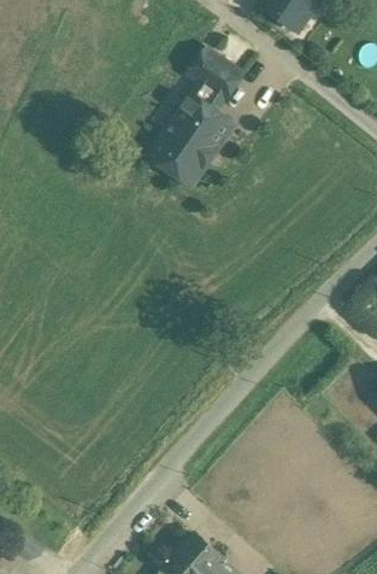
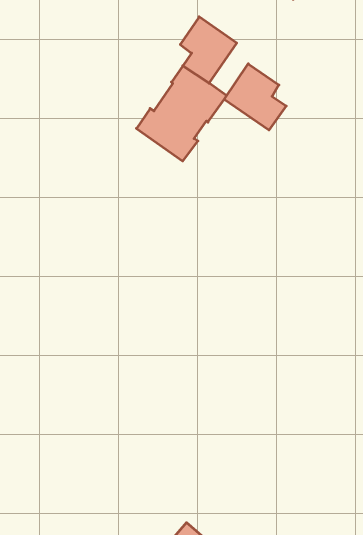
building: none -> [224,64,286,130]

